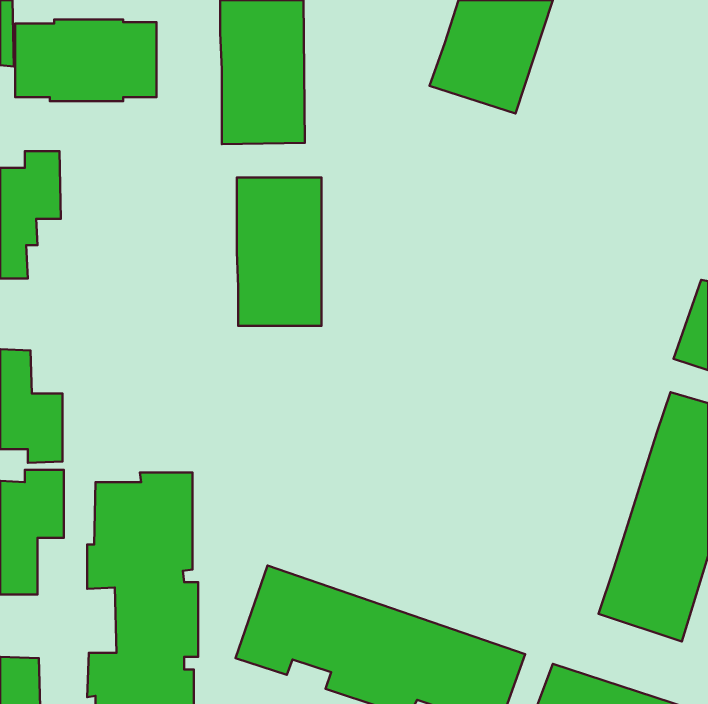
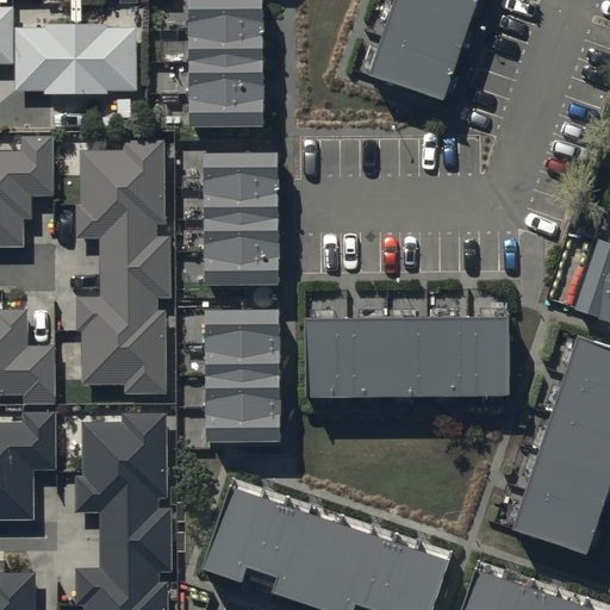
building: none -> [75,136,169,390]
building: none -> [207,313,279,442]
building: none -> [306,319,509,398]

